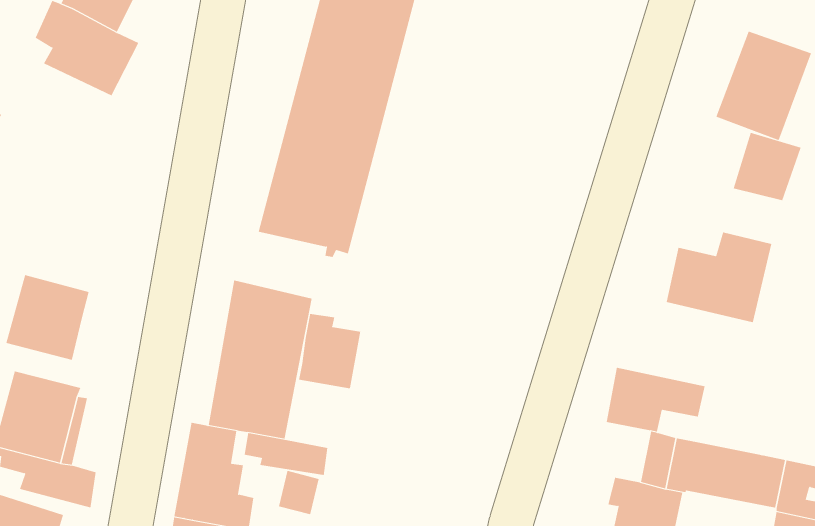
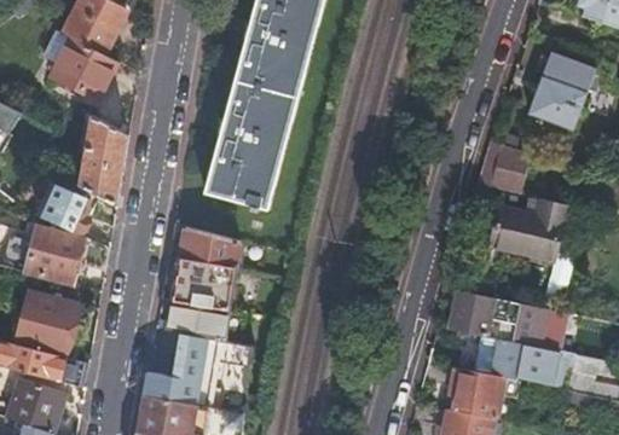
building: none -> [80,114,131,205]
building: [733,132,802,201] -> [479,141,527,190]
building: none -> [39,185,91,234]
building: [299,313,361,389] -> none
building: none -> [510,303,566,352]

